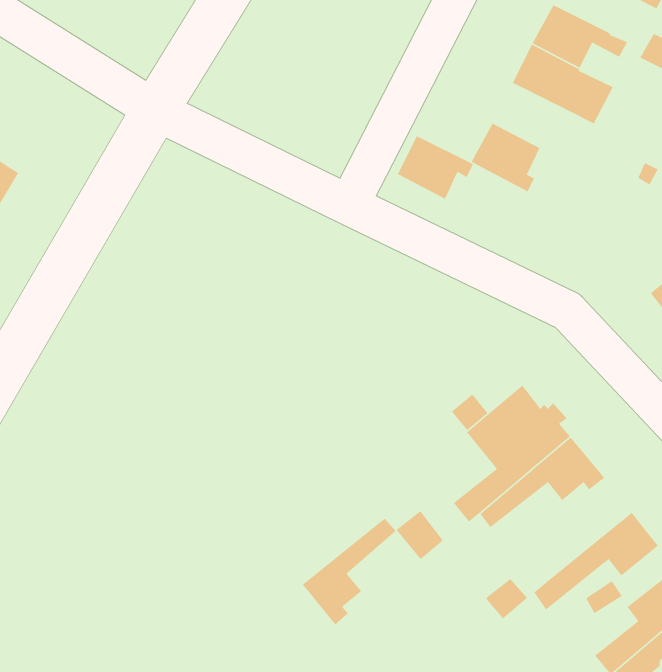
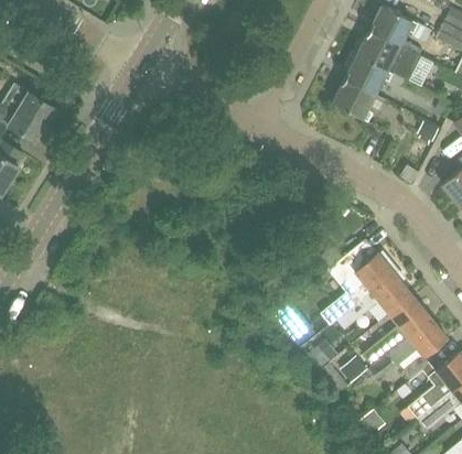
building: [397,135,474,200] -> [345,53,393,93]
building: none -> [363,295,431,365]
building: [302,518,396,625] -> none

